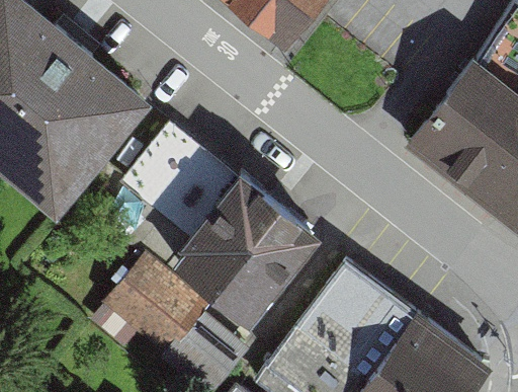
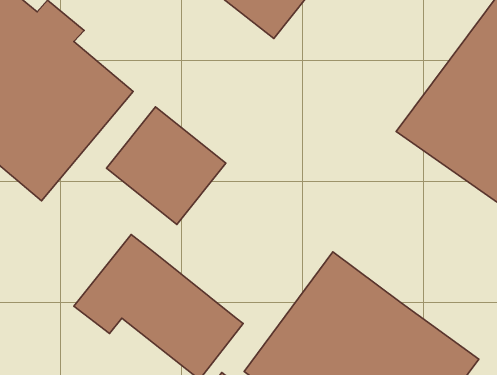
building: [169,177,322,331] -> none

